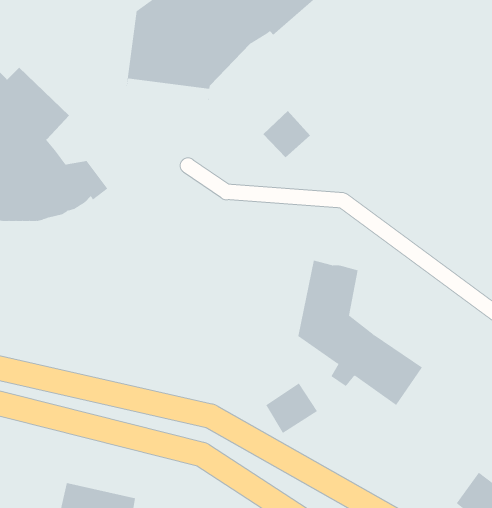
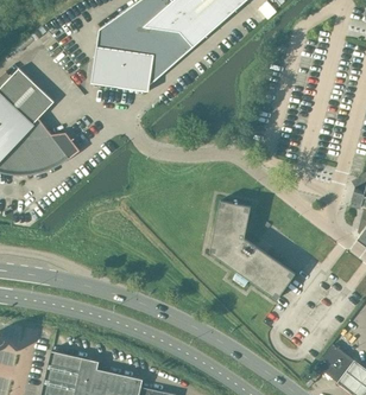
building: [262,110,311,158] -> none
building: [265,383,318,434] -> none

